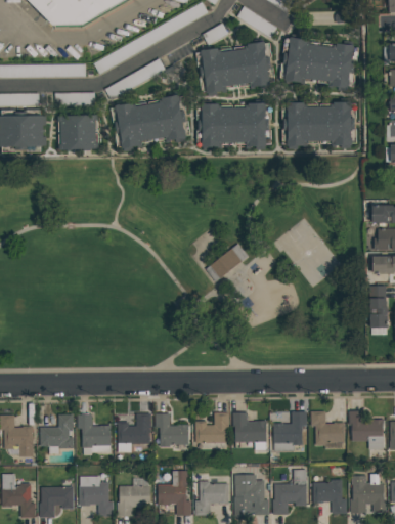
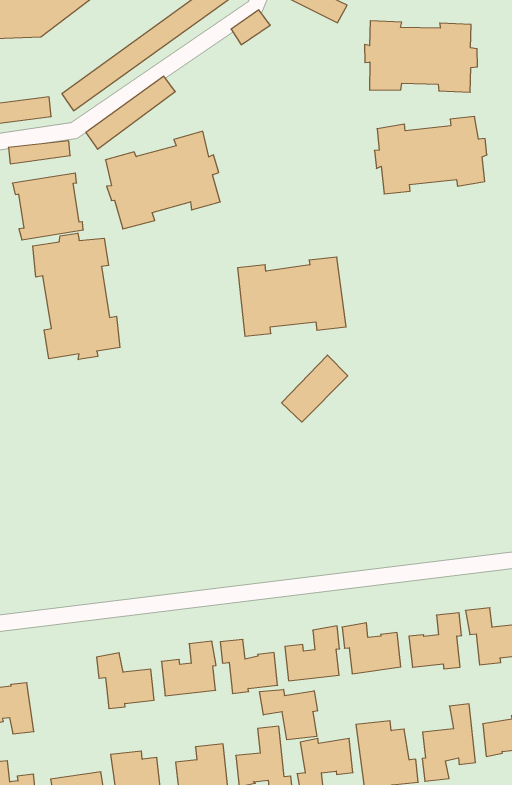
building: [201,42,271,94] -> none
building: [203,104,266,148] -> [238,257,346,336]
building: none -> [33,233,120,360]
building: [40,413,74,448] -> none
building: none -> [260,689,317,740]

